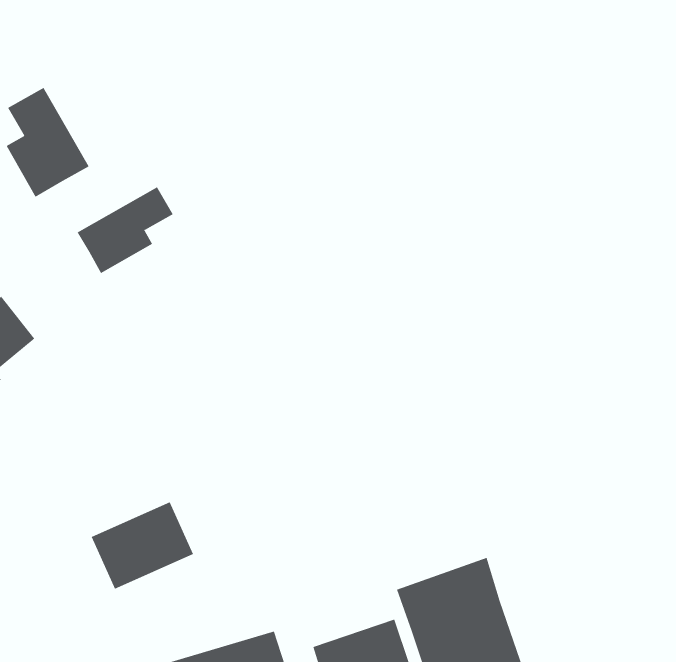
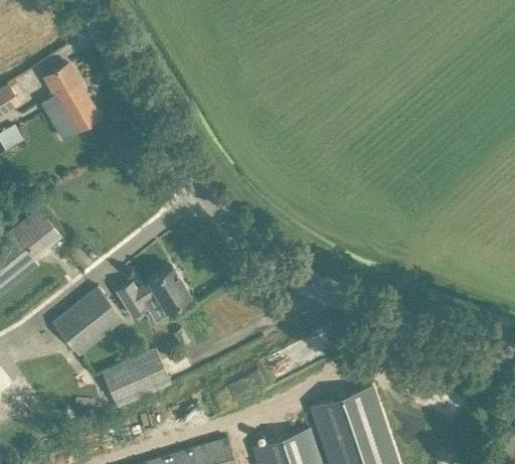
building: [77,186,173,274] -> none
building: none -> [118,268,190,317]
building: none -> [53,288,125,356]

